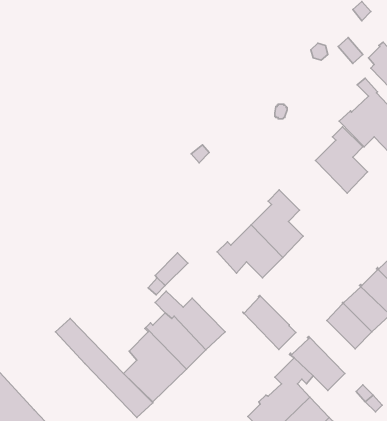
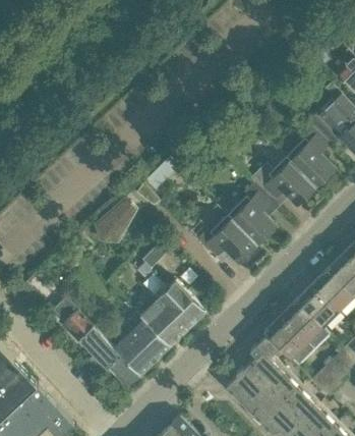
building: none -> [250,157,315,205]
building: none -> [94,198,133,243]
building: [243,295,296,350] -> [281,301,329,349]

